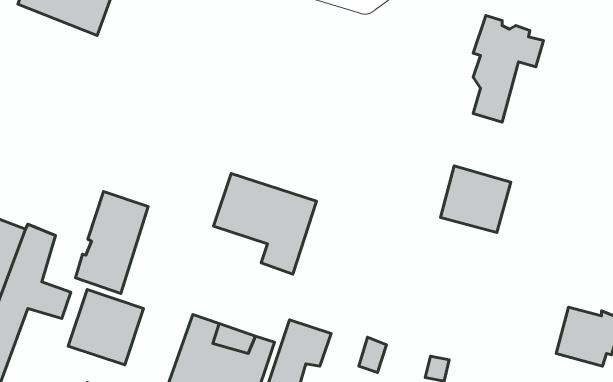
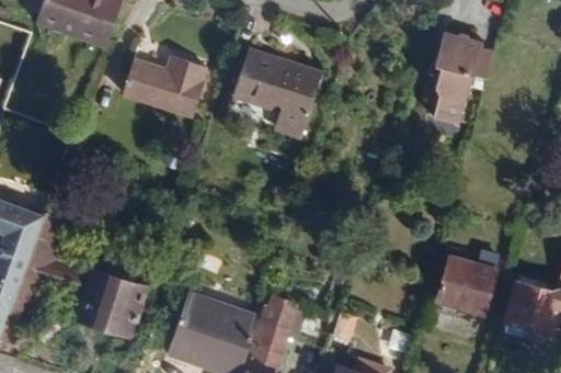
building: none -> [119,56,206,117]
building: [440,166,511,232] -> [435,257,496,315]
building: [213,173,317,274] -> [231,50,321,138]
building: [75,192,148,293] -> none

